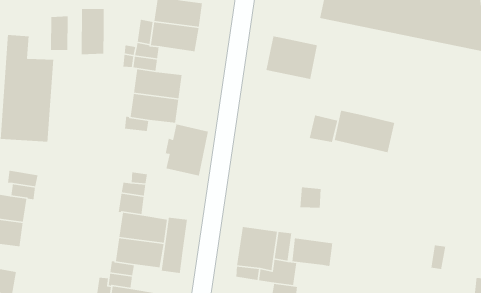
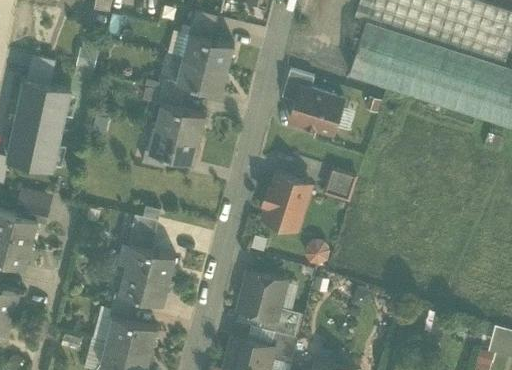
building: [81,8,105,55] -> none
building: none -> [281,70,313,101]
building: [334,110,395,153] -> none
building: [165,124,209,176] -> [262,174,309,229]
building: [161,217,188,274] -> none
building: [292,237,333,267] -> none

